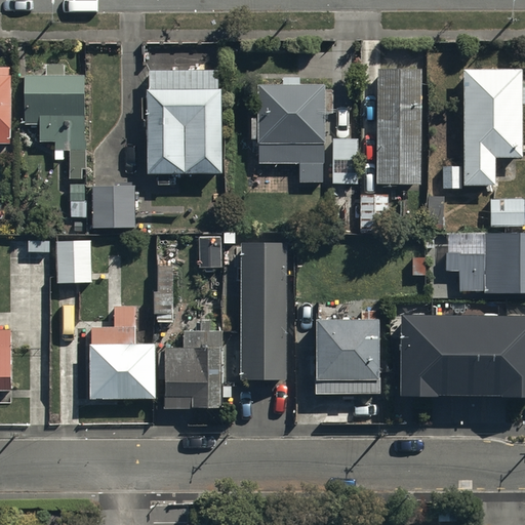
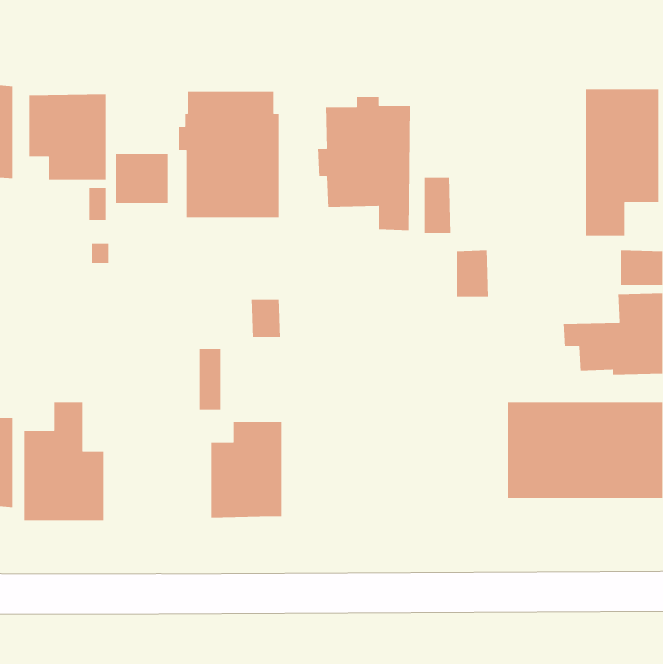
building: [381,71,419,185] -> none
building: [93,187,135,227] -> [115,153,169,204]
building: [55,240,90,283] -> none
building: [236,242,285,378] -> none
building: [91,306,155,400] -> [24,401,104,521]
building: [316,318,380,395] -> none

